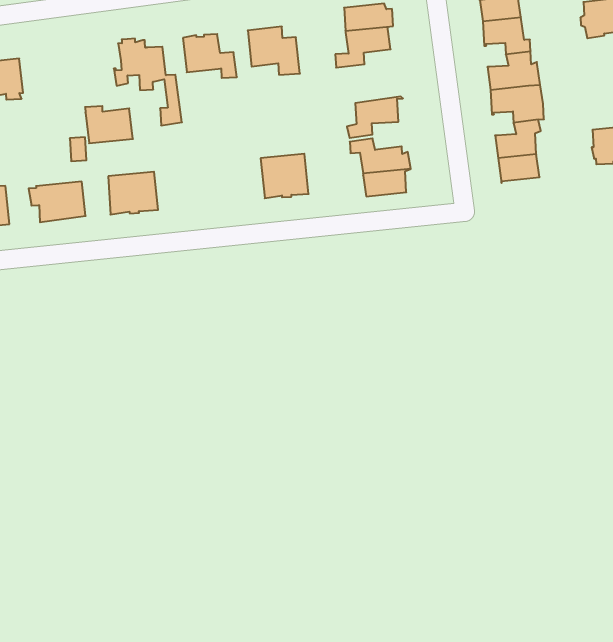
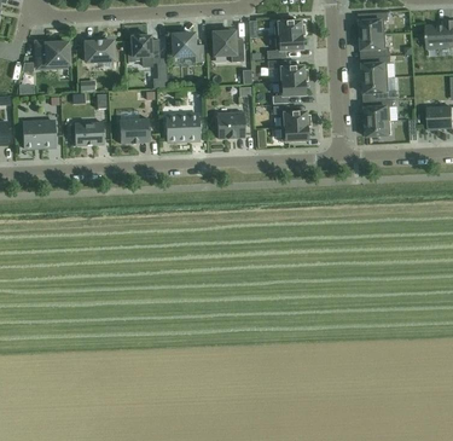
building: none -> [267,59,307,81]
building: [85,106,133,143] -> [85,37,114,60]
building: none -> [165,112,199,141]

